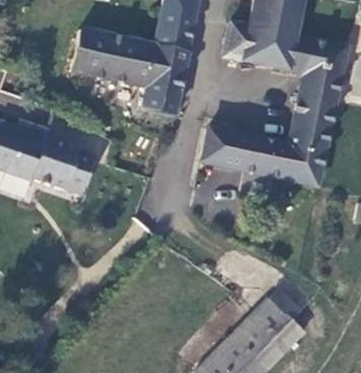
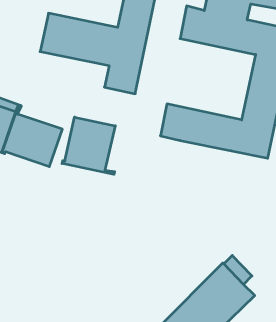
building: none -> [62,117,115,174]

